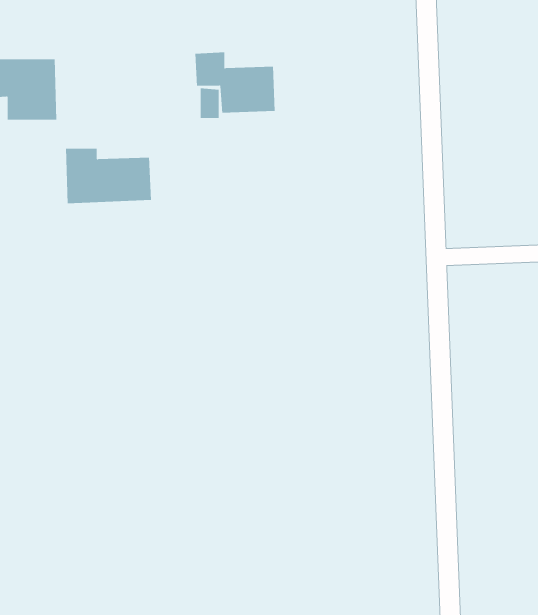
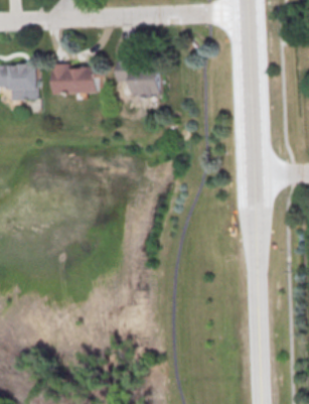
building: [65,148,152,204] -> [51,62,100,94]

